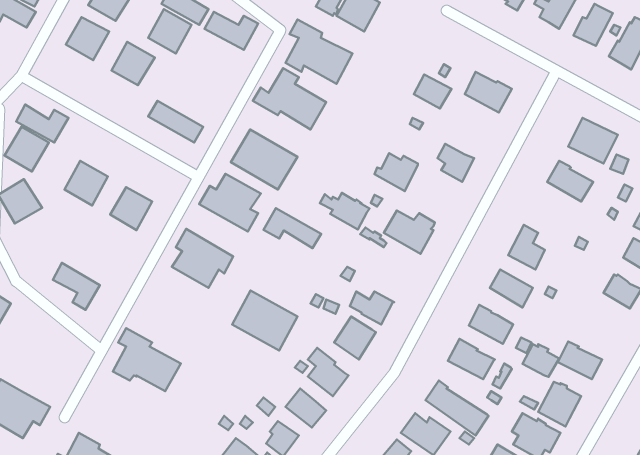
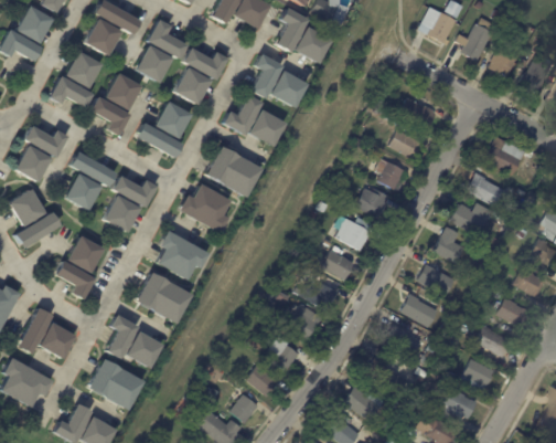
building: none -> [172,66,210,104]
building: none -> [47,75,92,107]
building: none -> [89,96,129,135]
building: [414,75,452,109] -> [393,129,425,158]
building: none -> [153,101,190,138]
building: none -> [68,150,115,186]
building: [375,153,418,191] -> [357,187,394,219]
building: none -> [111,175,156,207]
building: [320,193,369,229] -> [317,250,359,281]
building: none -> [455,202,496,235]
building: none -> [14,211,60,247]
building: [263,208,321,248] -> none
building: none -> [66,234,104,273]
building: [232,290,298,351] -> [135,272,190,323]
building: none -> [17,307,75,358]
building: [522,344,559,377] -> [501,298,532,326]
building: none -> [86,358,142,409]

